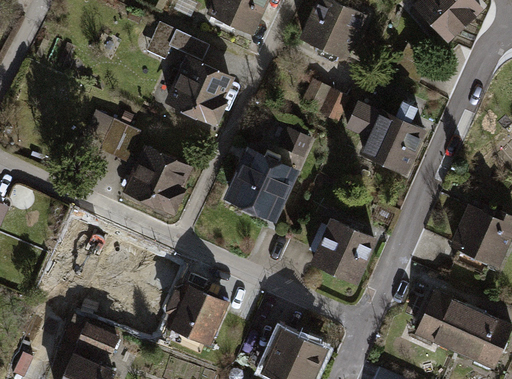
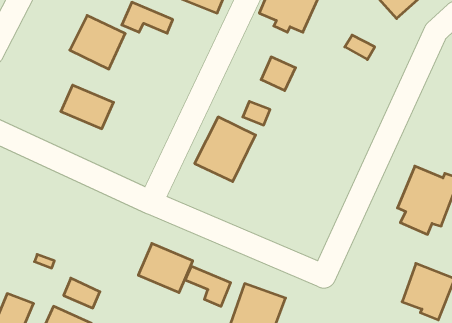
building: [171,59,232,118] -> [70,15,125,69]
building: [345,99,420,170] -> none
building: [130,147,194,209] -> none
building: [310,215,375,278] -> none
building: [412,293,470,351] -> none
building: none -> [185,266,231,306]

